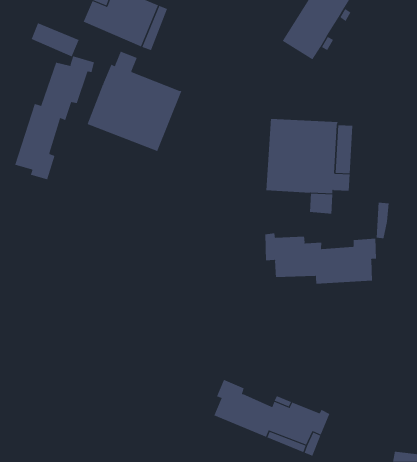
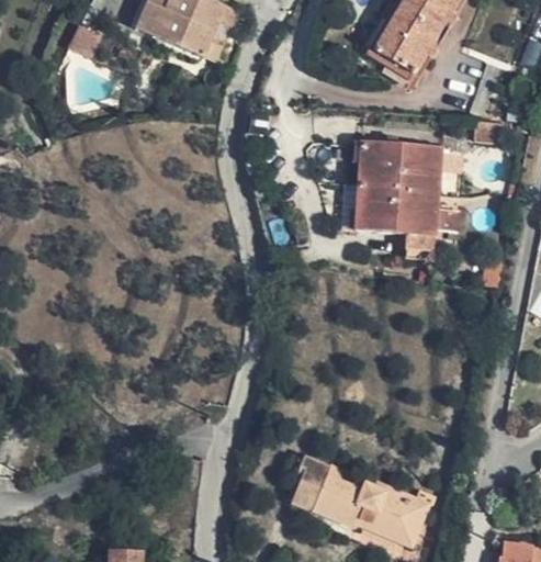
building: [87,51,182,152] -> none
building: [14,56,95,180] -> none
building: [265,232,377,284] -> none

